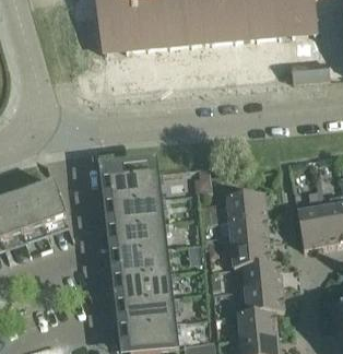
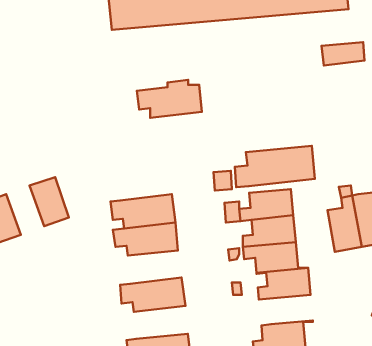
building: none -> [235,146,315,187]
building: [99,167,157,201] -> [137,80,202,118]
building: [10,188,44,232] -> none
building: [108,246,166,275] -> none
building: [235,285,283,311] -> none
building: [114,295,172,324] -> none

